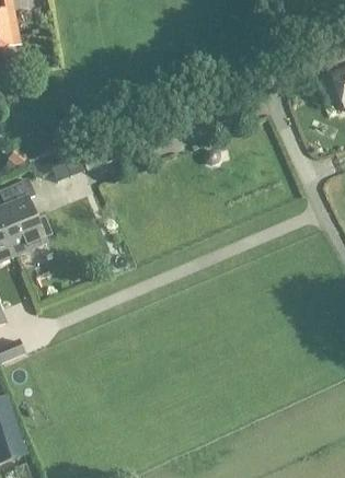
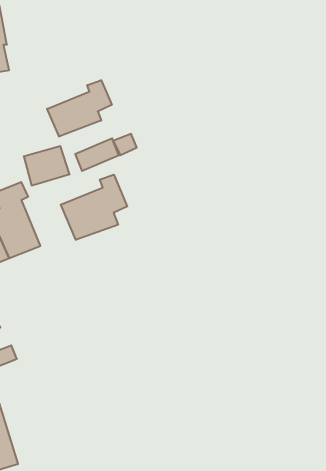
building: none -> [47,80,112,137]
building: none -> [61,175,127,240]

